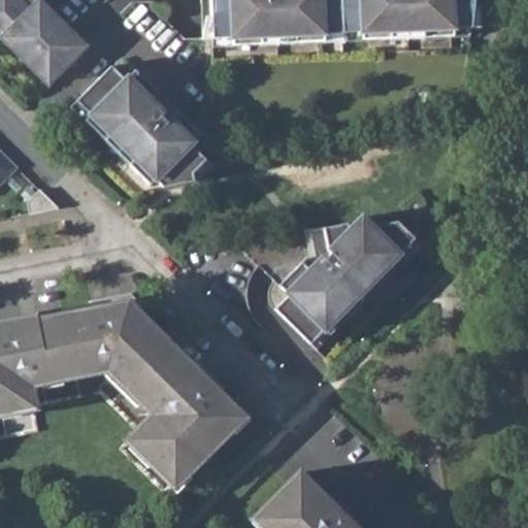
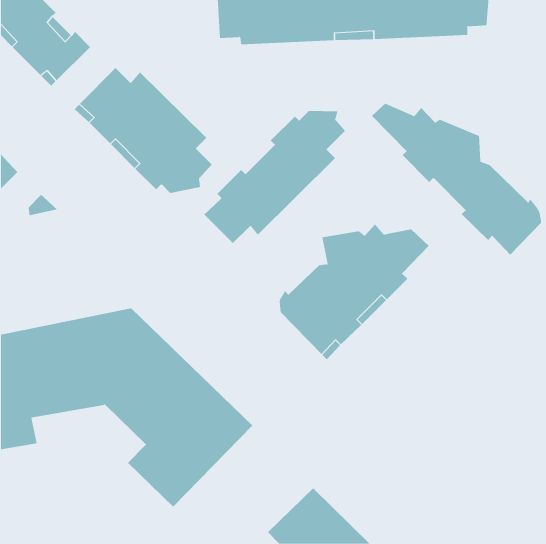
building: none -> [371,103,542,256]
building: none -> [204,110,346,244]

